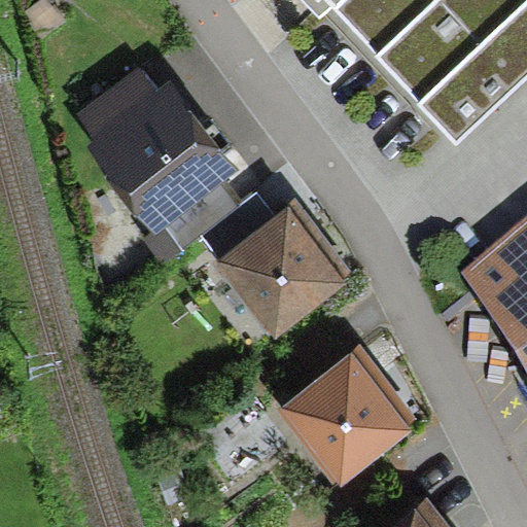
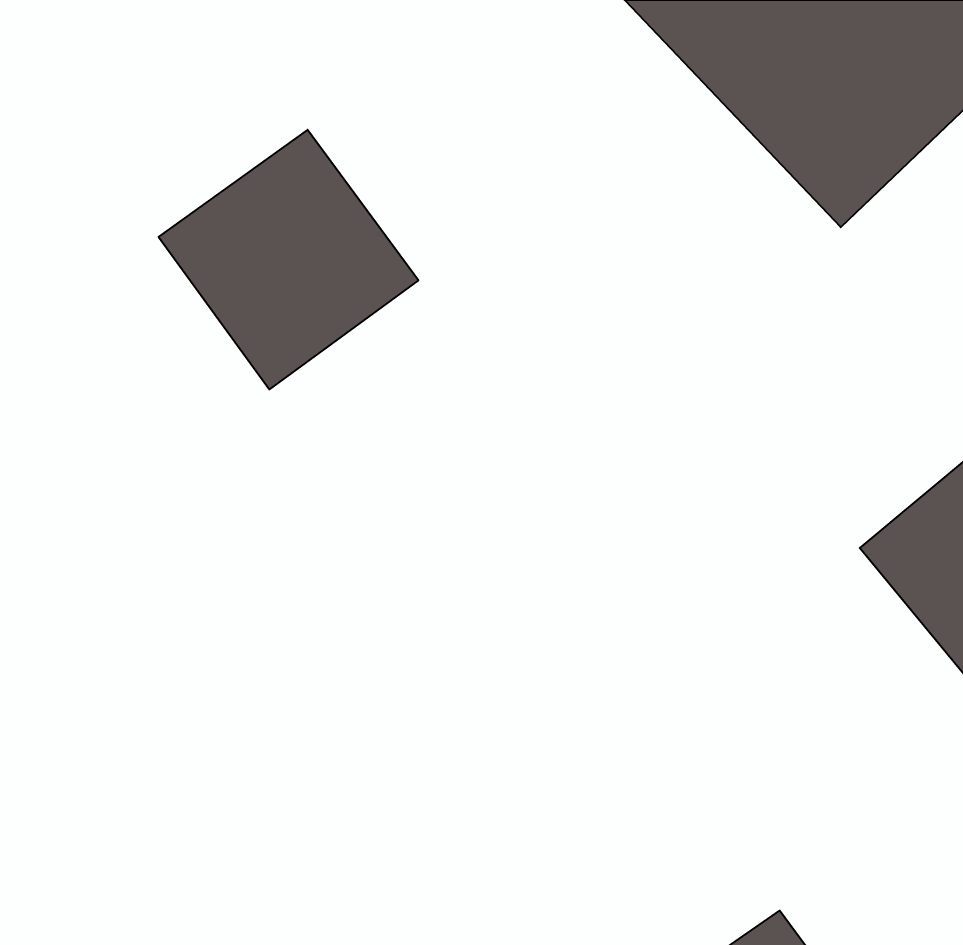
building: [220,208,338,325] -> none
building: [279,352,407,480] -> none

